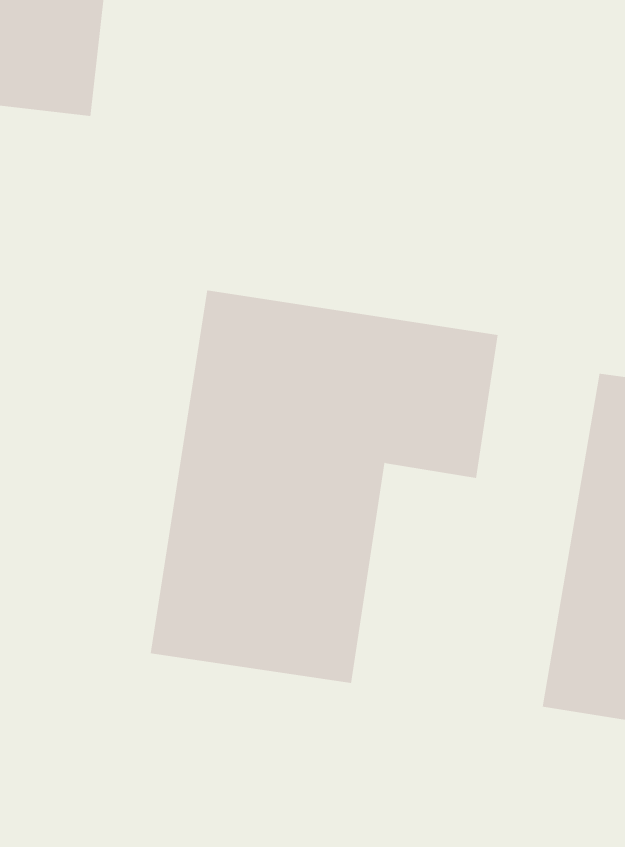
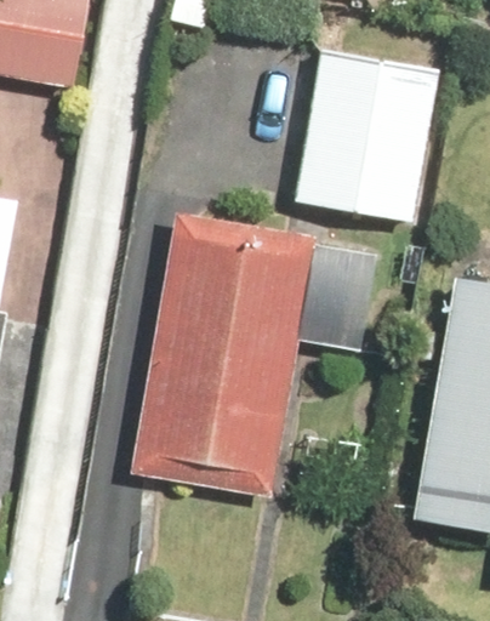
building: none -> [295,49,444,228]

